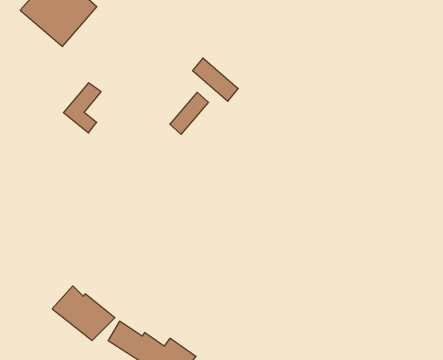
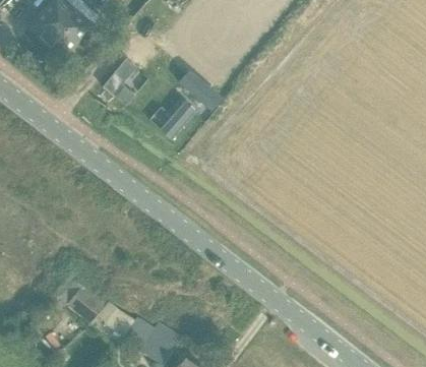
building: [63,83,101,133] -> [104,58,137,103]

